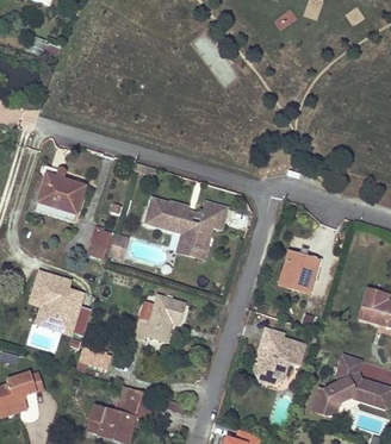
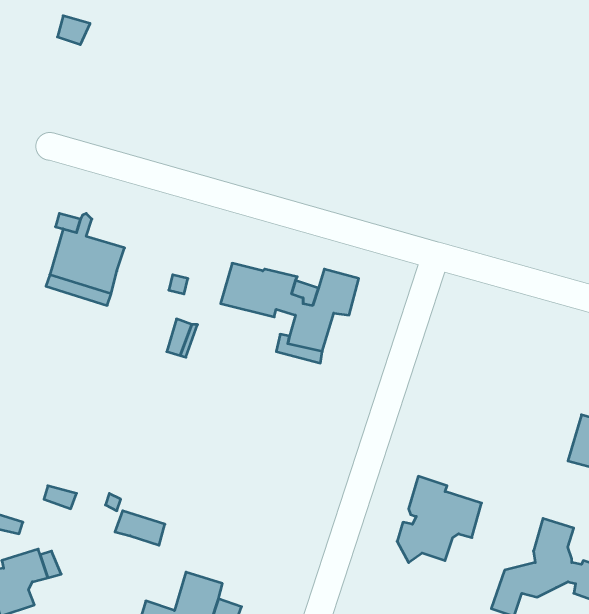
building: [88,224,112,257] -> none
building: [279,251,316,292] -> none
building: [30,269,92,334] -> none
building: [134,292,185,339] -> none

